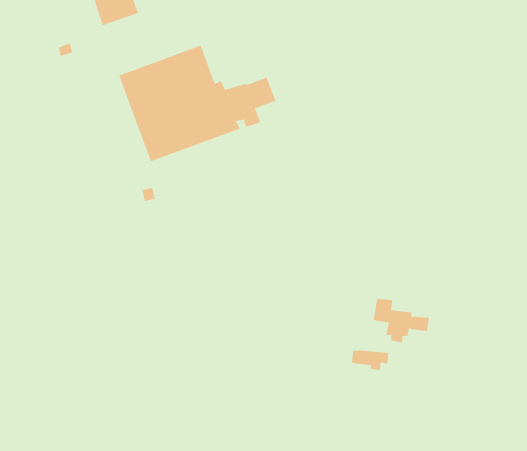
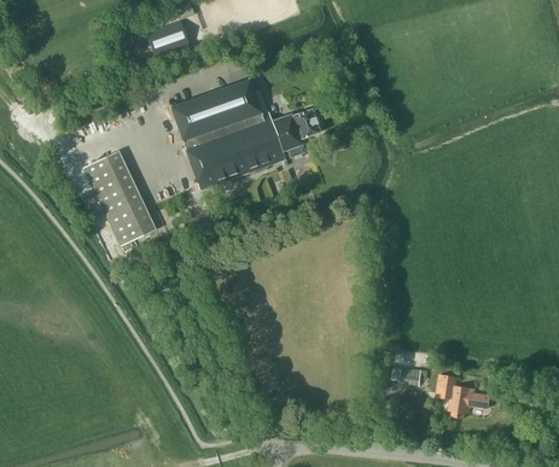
building: none -> [82,150,155,245]
building: [373,299,430,343] -> [435,375,489,418]

